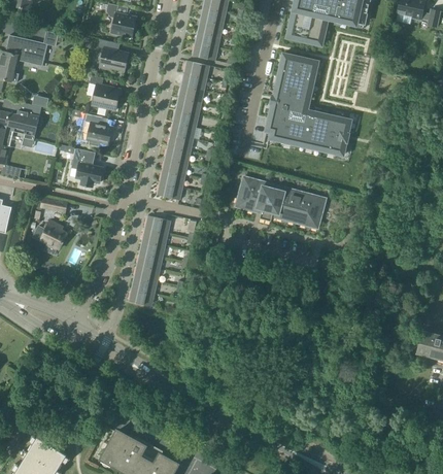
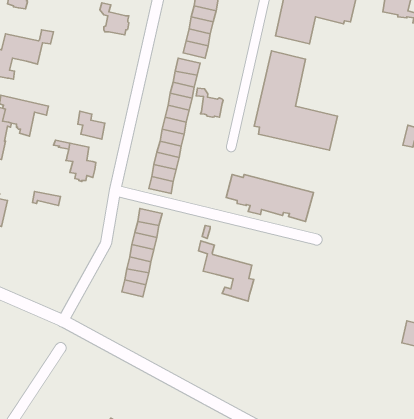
building: [98,39,128,71] -> none
building: [90,75,120,110] -> none
building: none -> [196,88,223,117]
building: [33,222,67,255] -> none
building: none -> [198,241,254,301]

